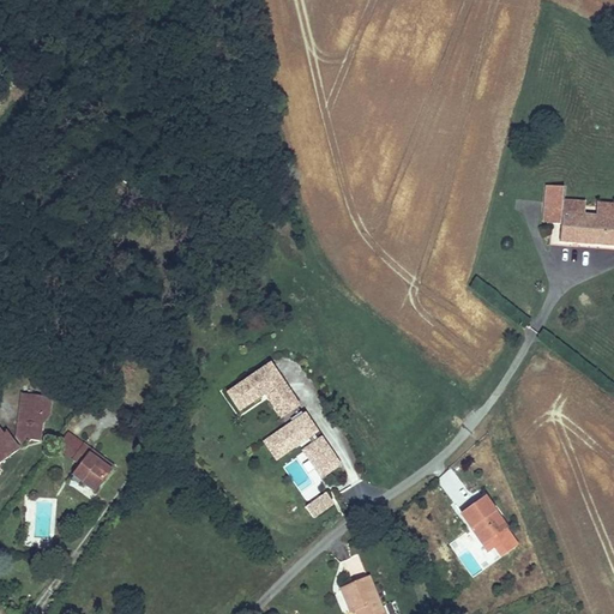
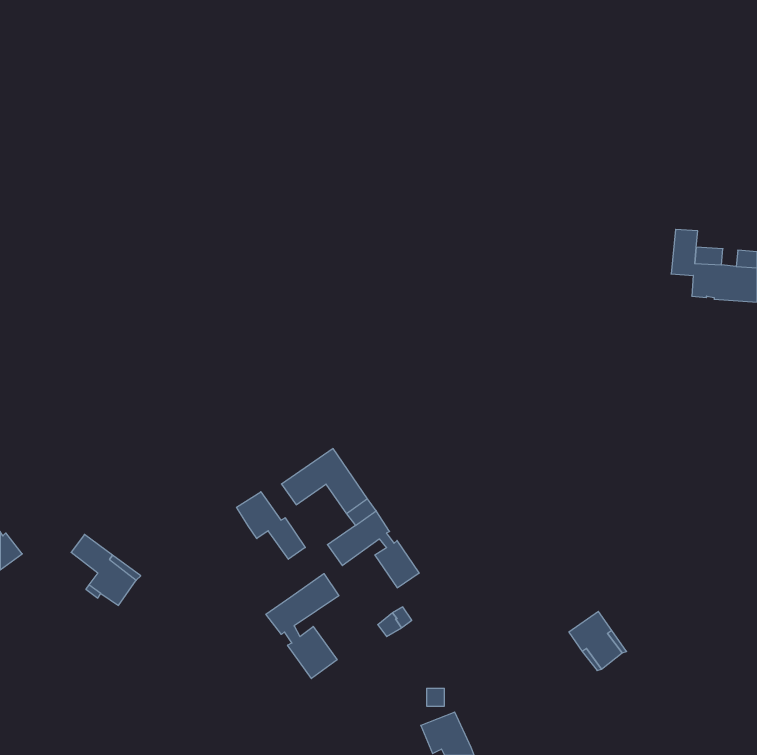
building: [17,393,44,444] -> none
building: none -> [237,492,305,559]
building: none -> [266,574,339,679]

